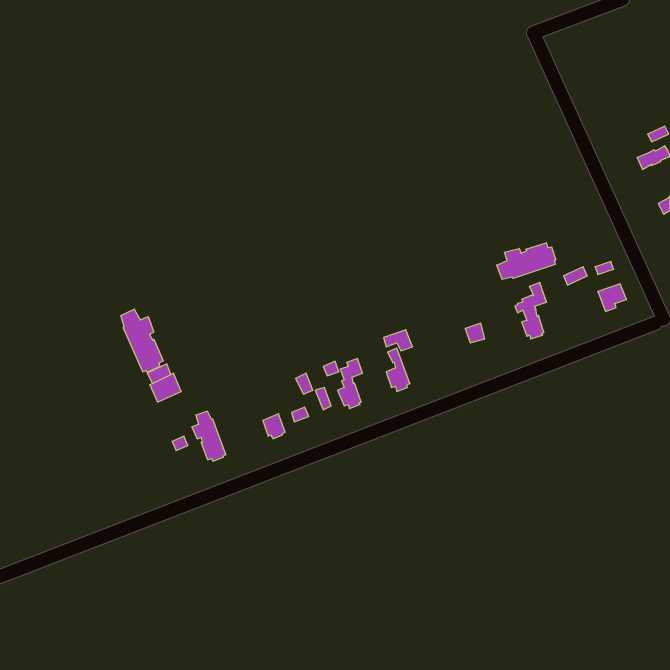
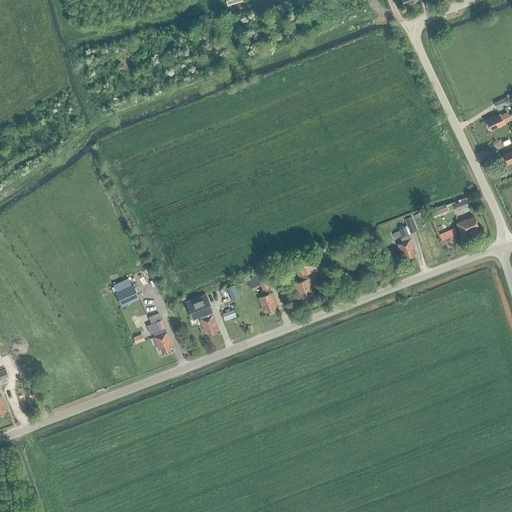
building: [497,243,556,279] -> none
building: [121,309,163,372] -> none
building: none -> [187,297,212,320]

